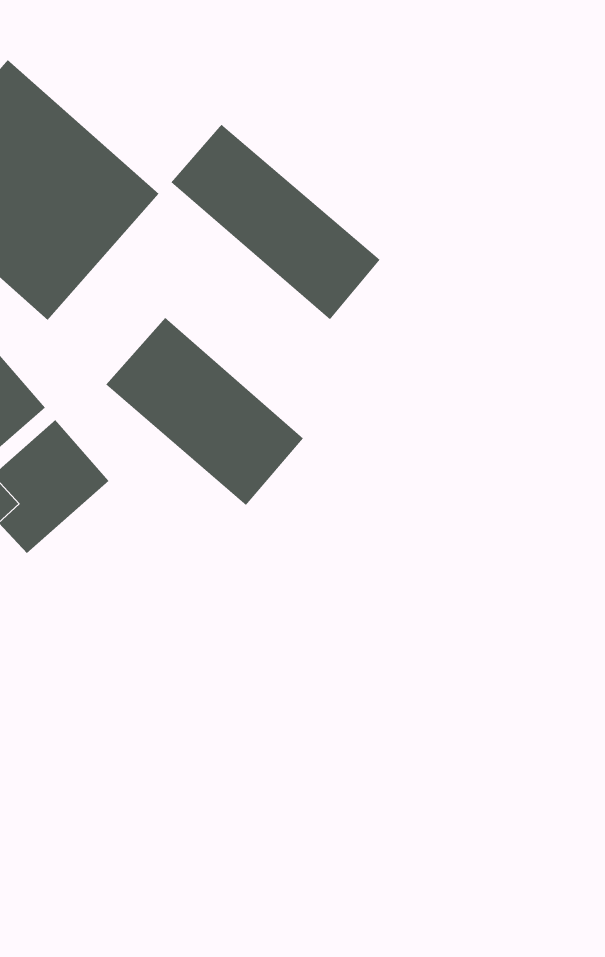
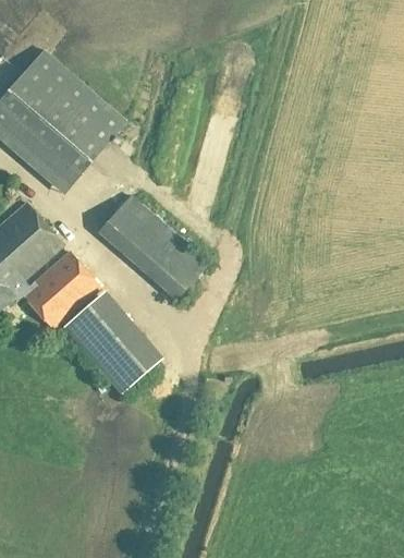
building: [170,124,380,320] -> none
building: none -> [61,291,162,395]

